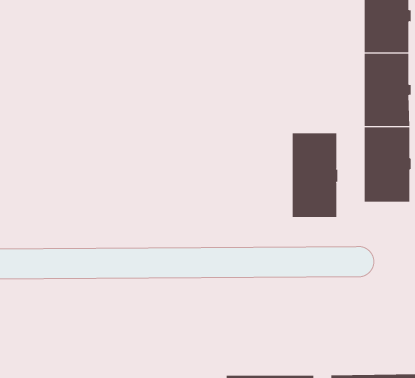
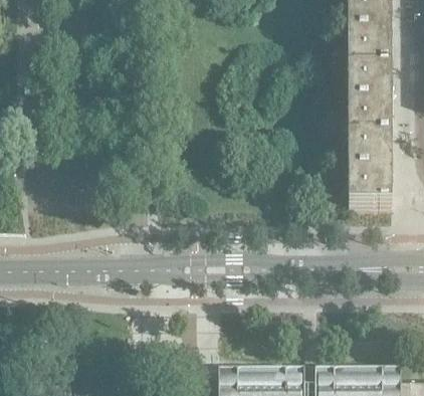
building: [292,132,338,218] -> none

